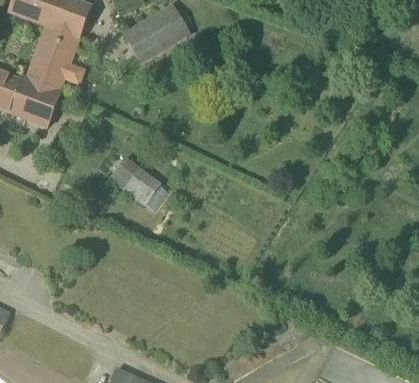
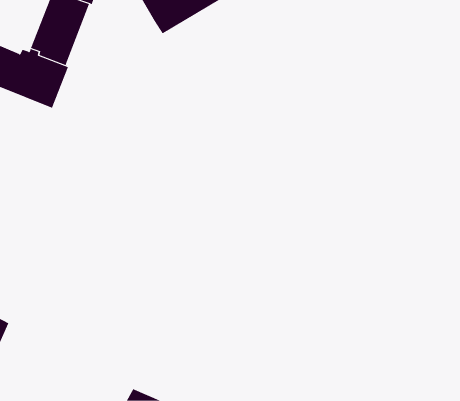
building: [109,155,171,209] -> none

